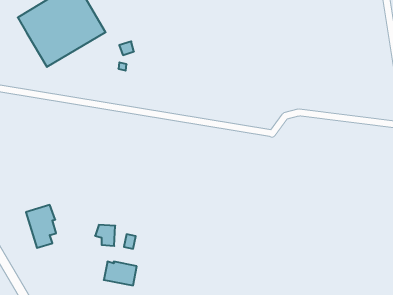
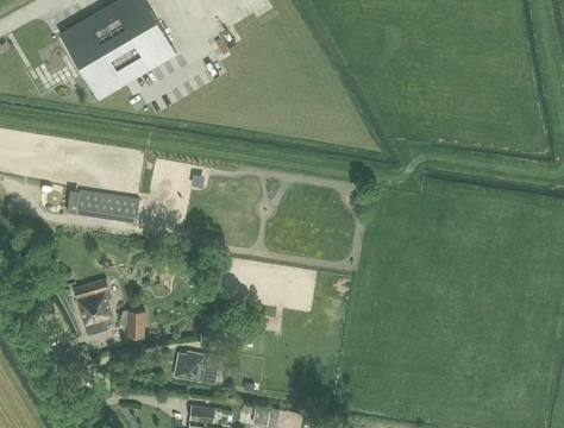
building: none -> [76,191,138,221]
building: [95,225,115,246] -> [118,310,144,338]

